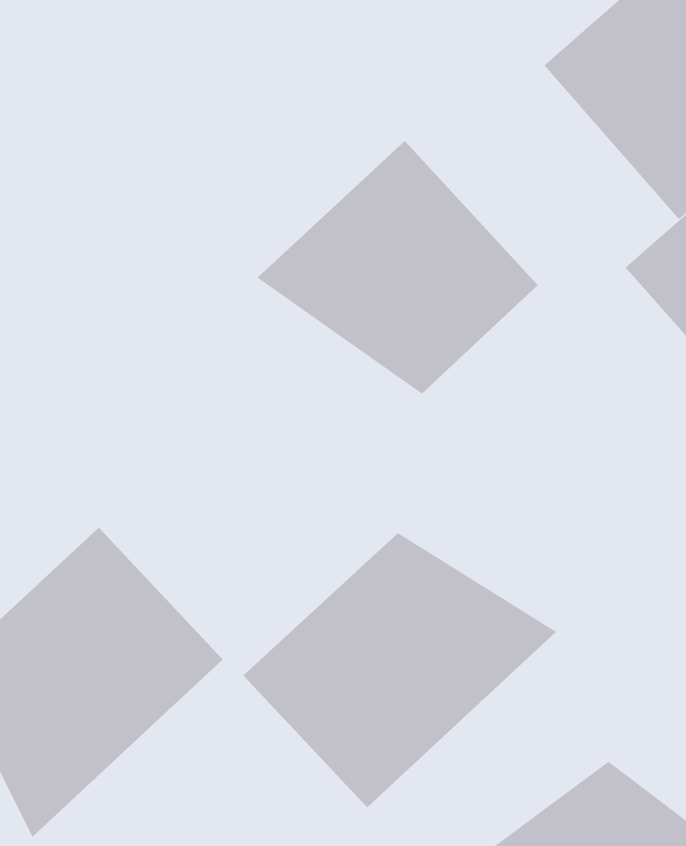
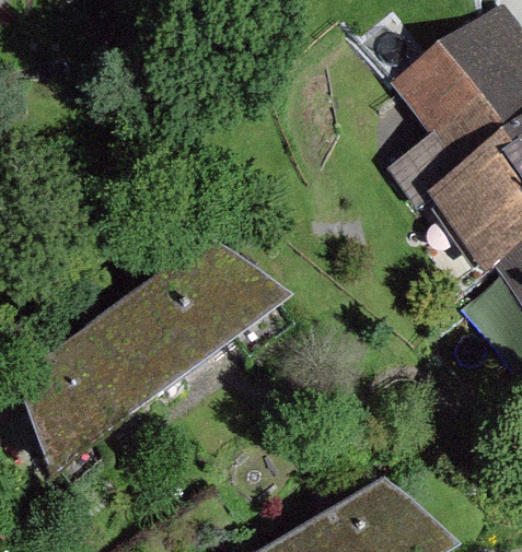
building: [257,140,539,395] -> none
building: [242,533,557,808] -> [114,238,295,392]

